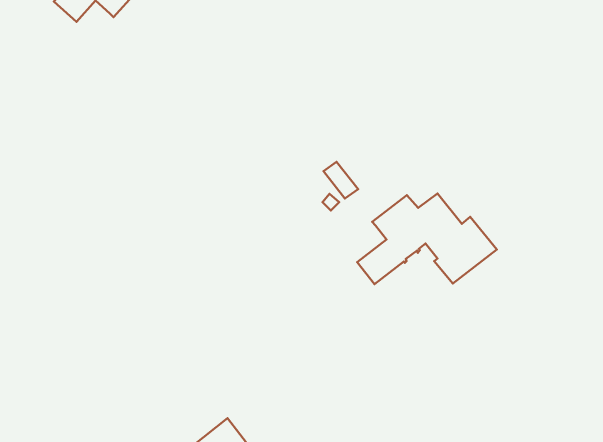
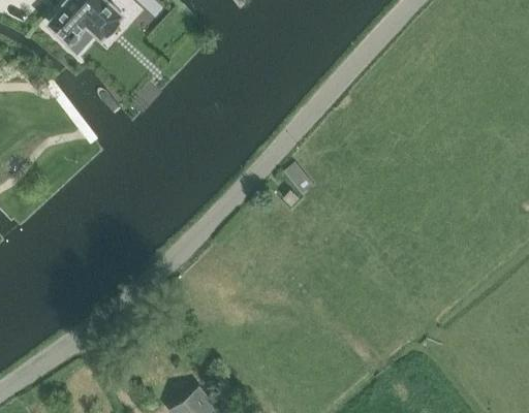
building: [357,194,497,284] -> none

